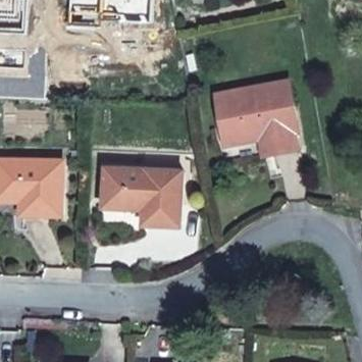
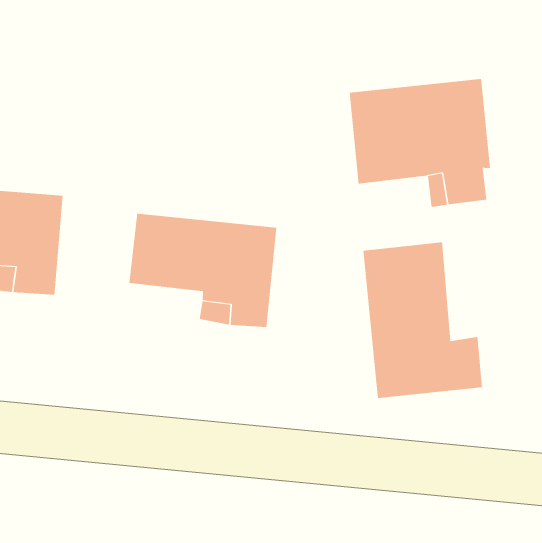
building: none -> [363,241,482,399]

